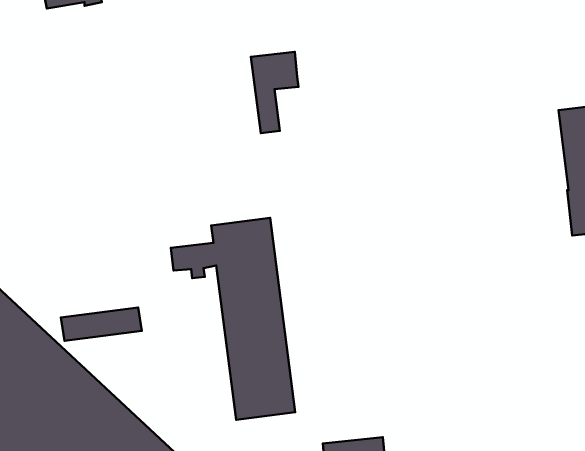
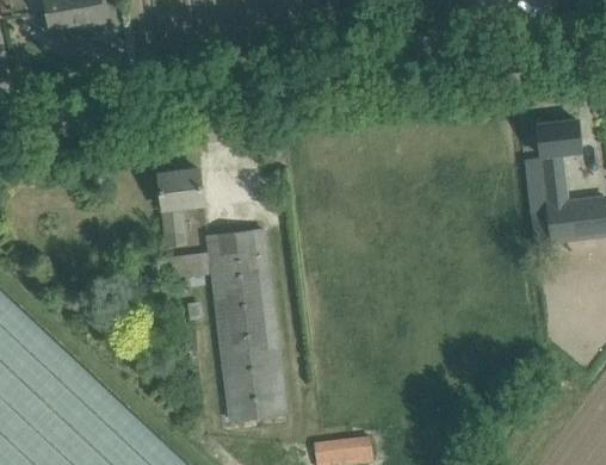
building: [251,52,298,133] -> [155,170,200,248]
building: [61,308,142,341] -> none

